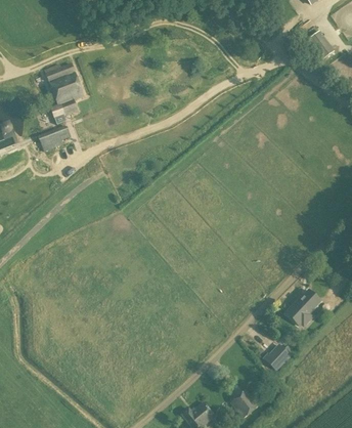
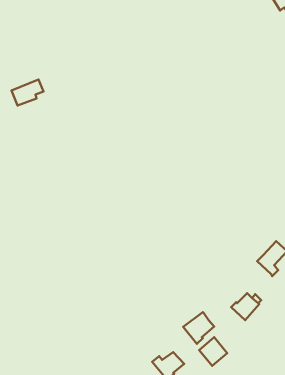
building: [44,61,83,114] -> none
building: none -> [183,312,214,344]

